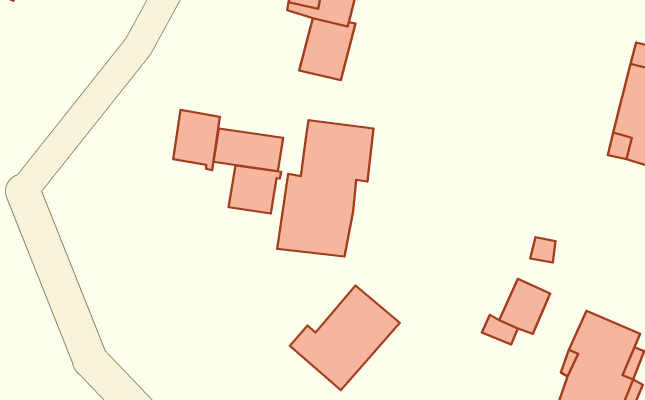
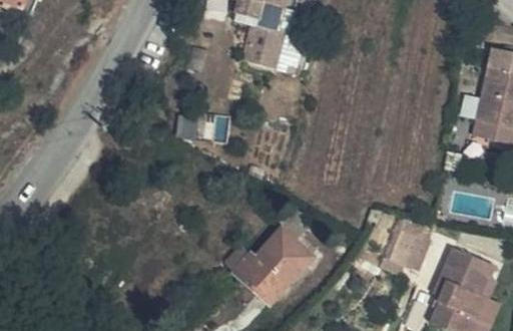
building: [173,110,220,170] -> none
building: [277,120,374,256] -> none
building: [228,165,281,213] -> none

